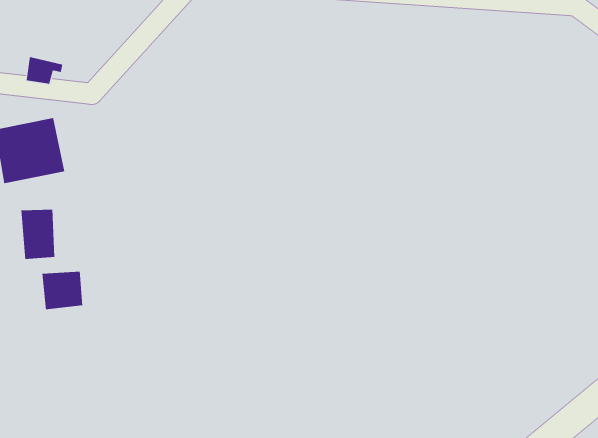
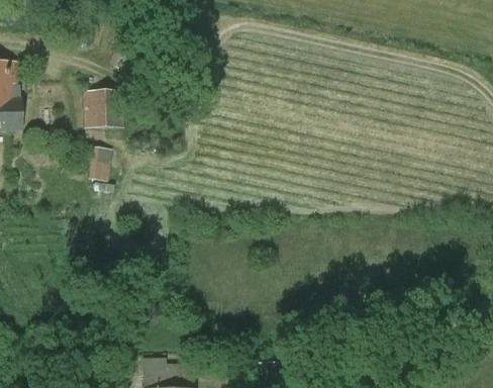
building: [42,271,83,310] -> none

